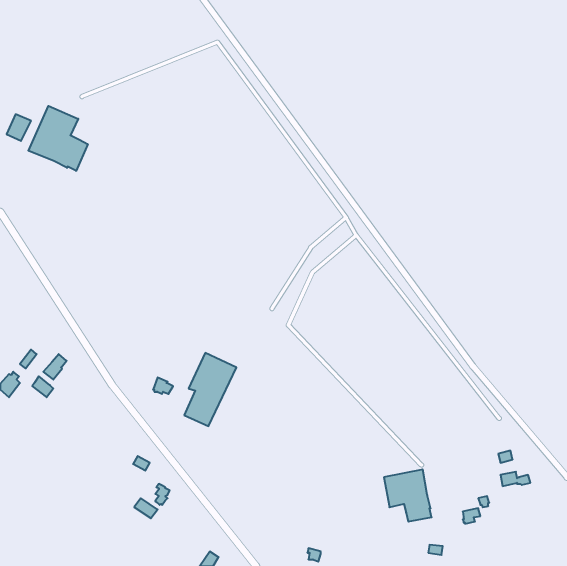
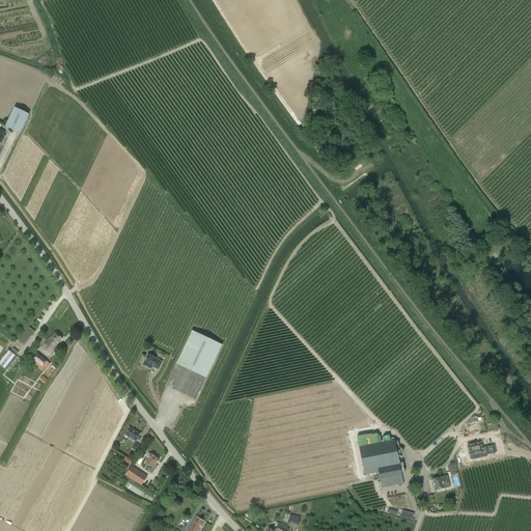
building: [28,106,88,171] -> none

